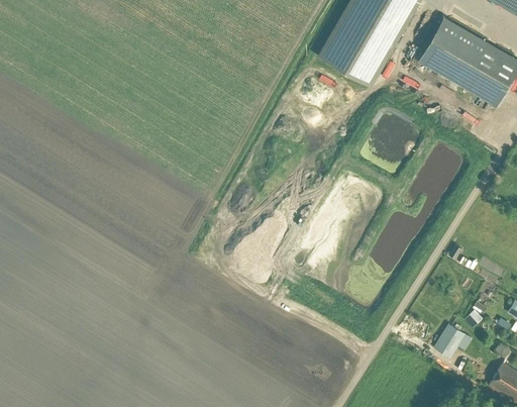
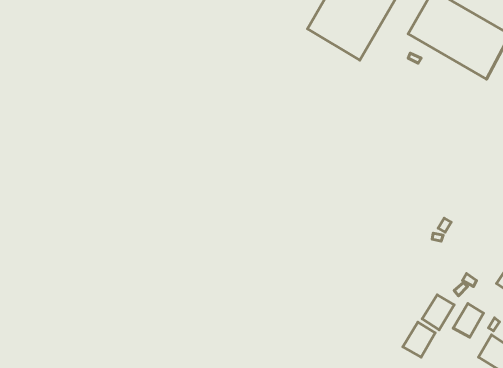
building: none -> [453,304,484,337]
building: none -> [403,322,435,357]

